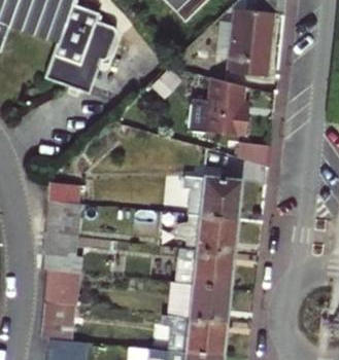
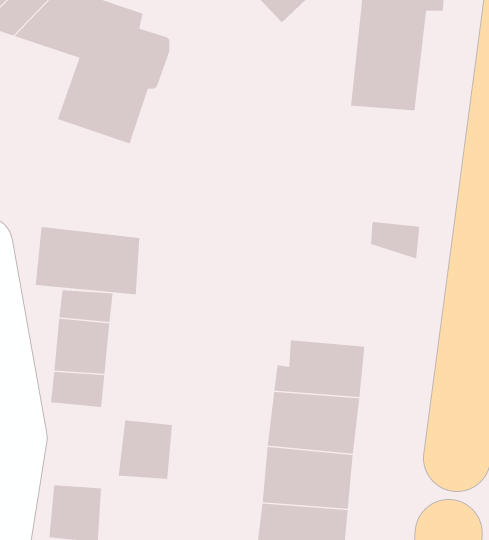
building: [205,76,247,135] -> none
building: none -> [35,226,140,295]
building: [183,159,240,220] -> none
building: [43,271,77,309] -> [118,420,173,481]

